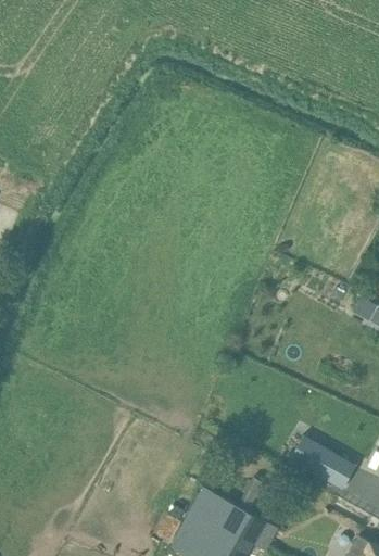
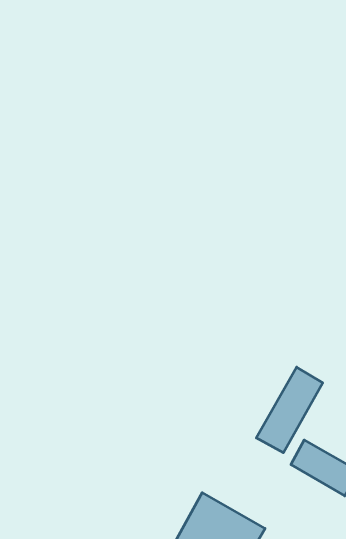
building: none -> [256,367,323,453]

